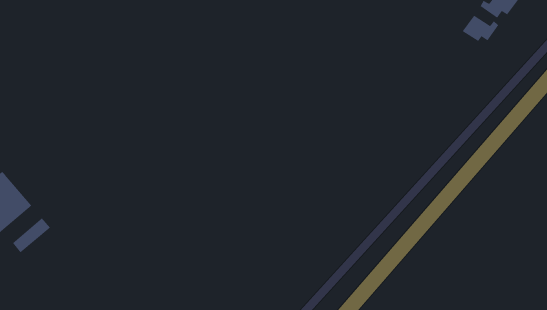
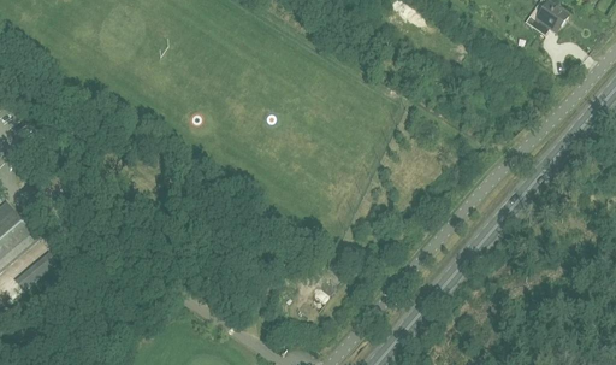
building: [462,15,499,42] -> none

